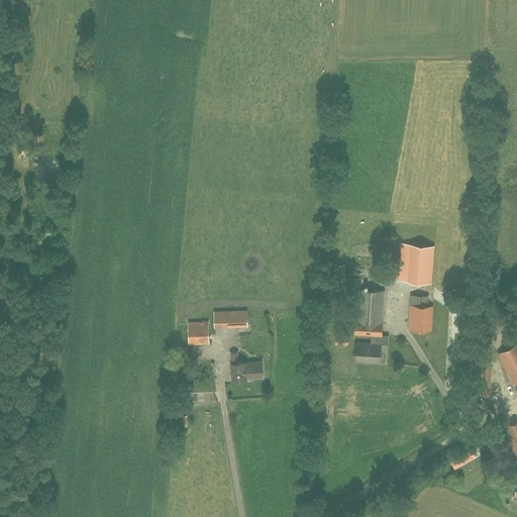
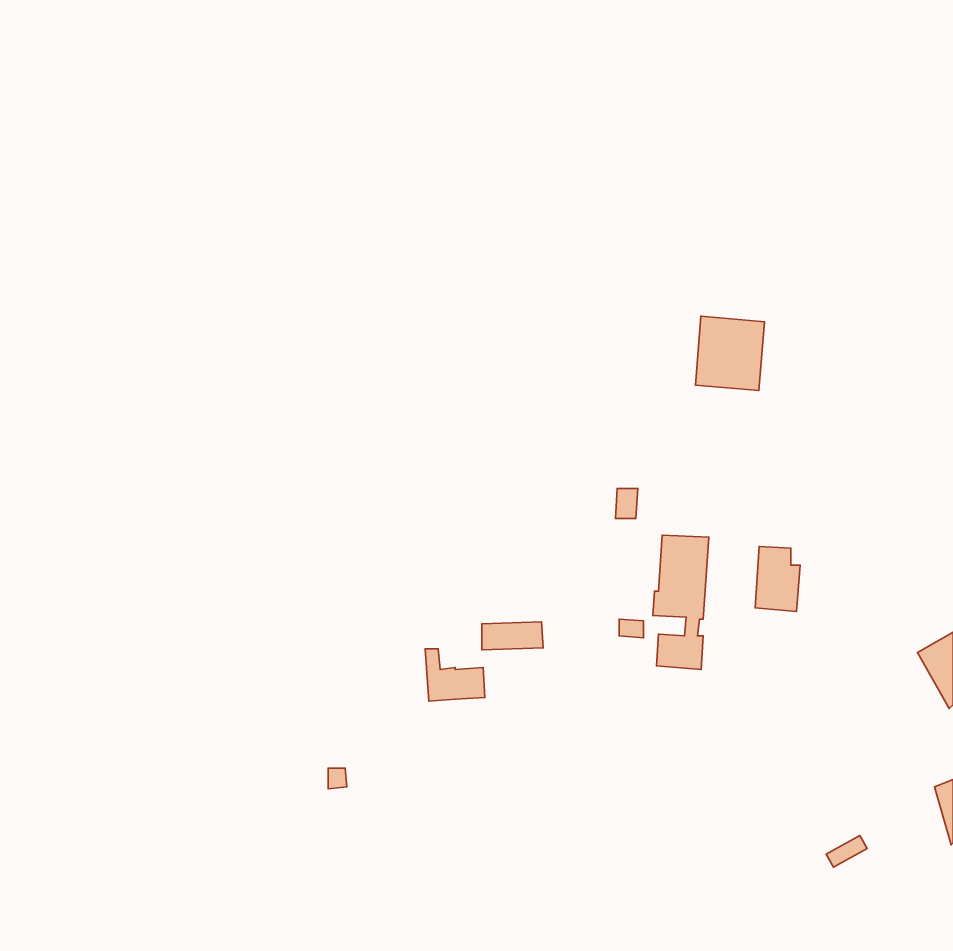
building: [398,244,435,285] -> [695,316,764,391]
building: [215,312,248,327] -> [482,622,543,650]
building: [189,323,209,345] -> none

